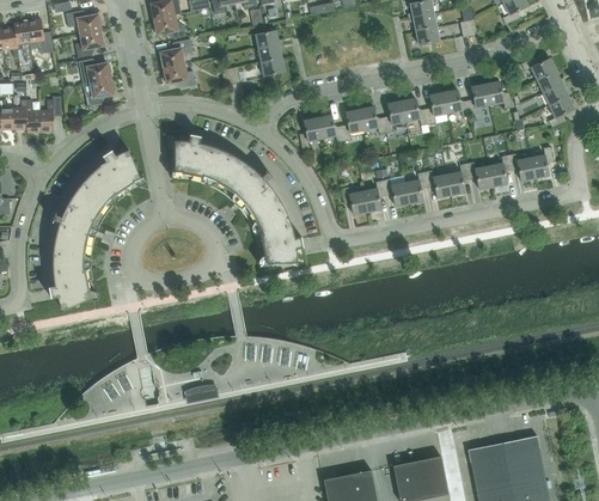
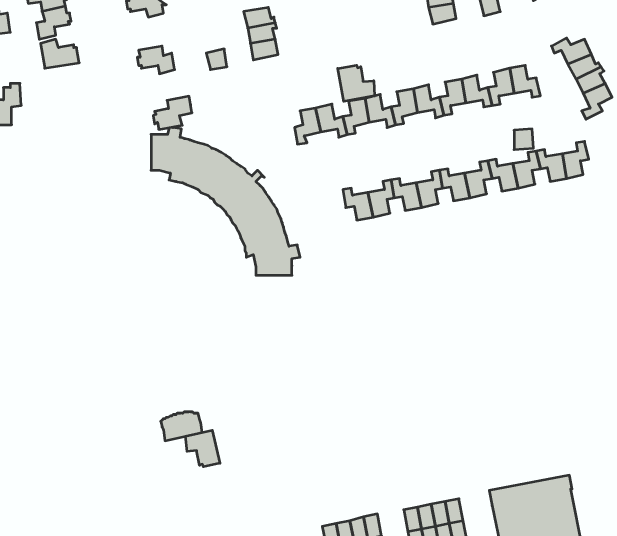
building: [159,38,192,67] -> [153,96,192,129]
building: [82,78,115,105] -> none
building: none -> [338,65,375,101]
building: [49,149,141,308] -> none
building: none -> [186,430,220,467]

